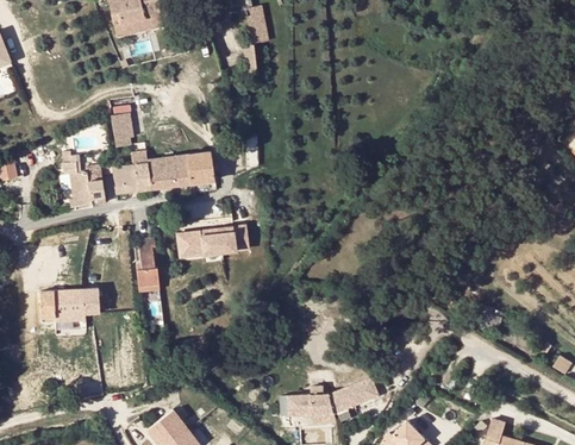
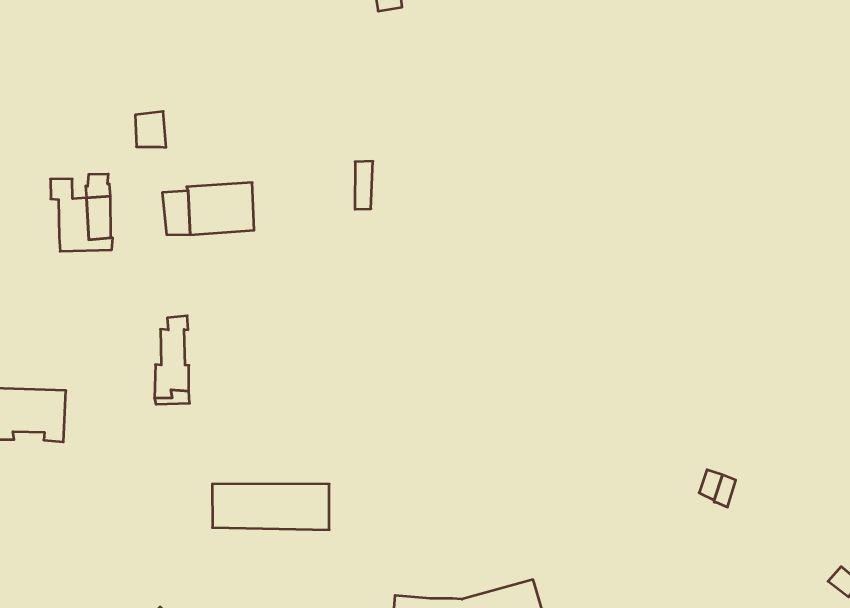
building: [186,151,215,183] -> none
building: [112,165,137,194] -> none
building: [175,224,248,256] -> [212,484,329,530]

